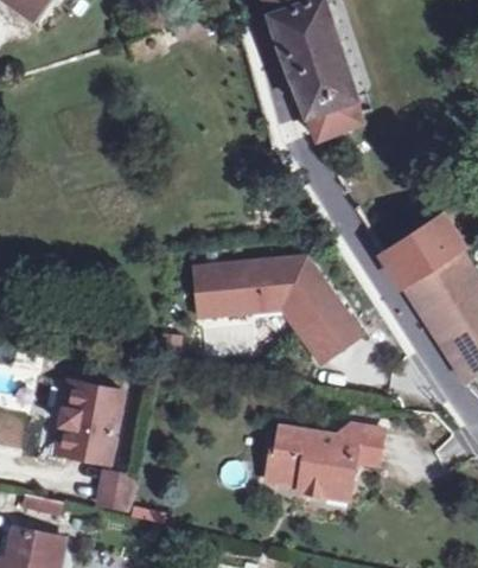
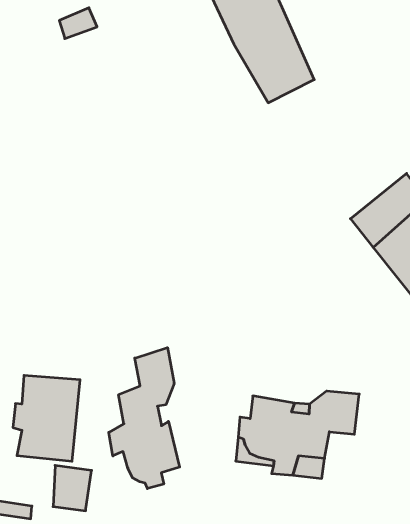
building: [198,257,364,364] -> none
building: none -> [109,348,180,489]

